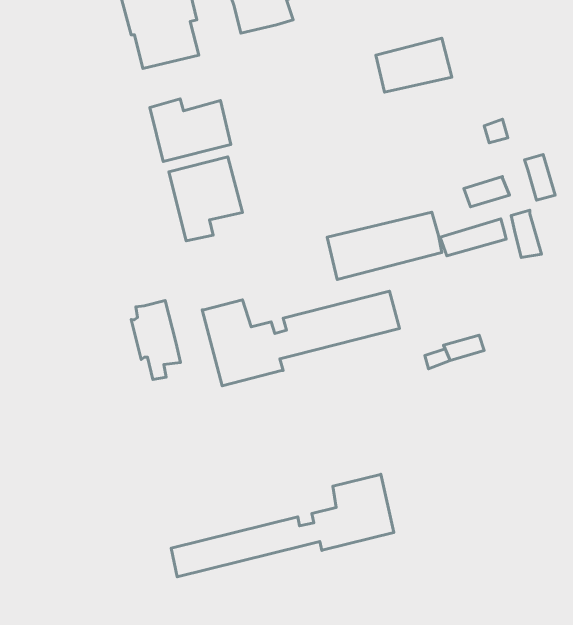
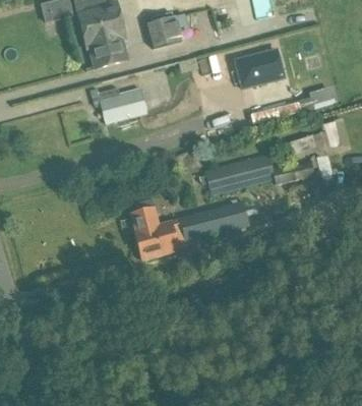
building: [169,157,243,241] -> none
building: [131,300,180,379] -> none
building: [171,474,394,577] -> none

